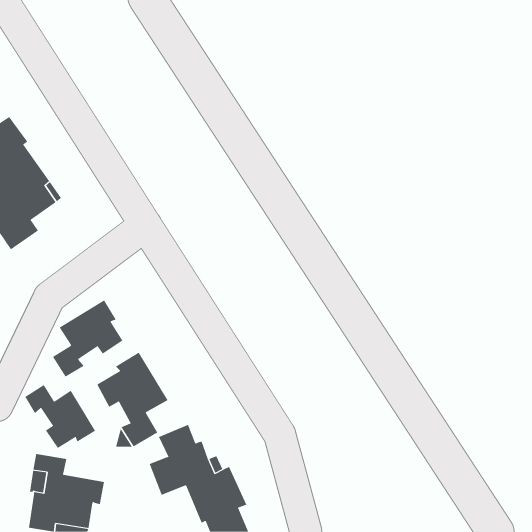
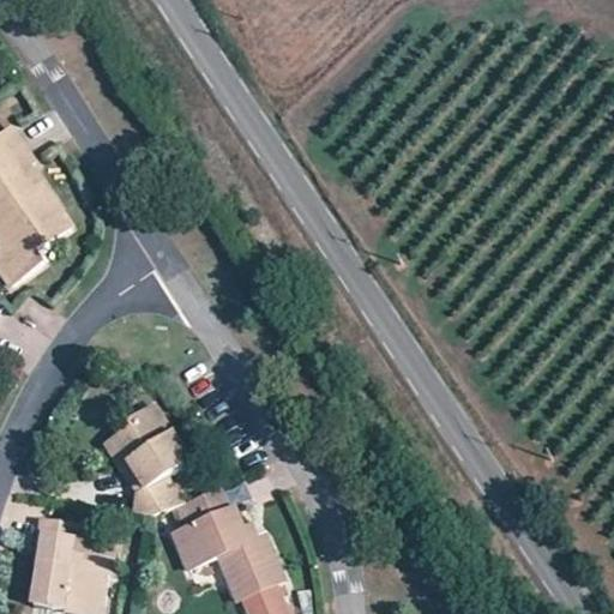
building: [52,300,123,377] -> none
building: [25,384,96,449] -> none

